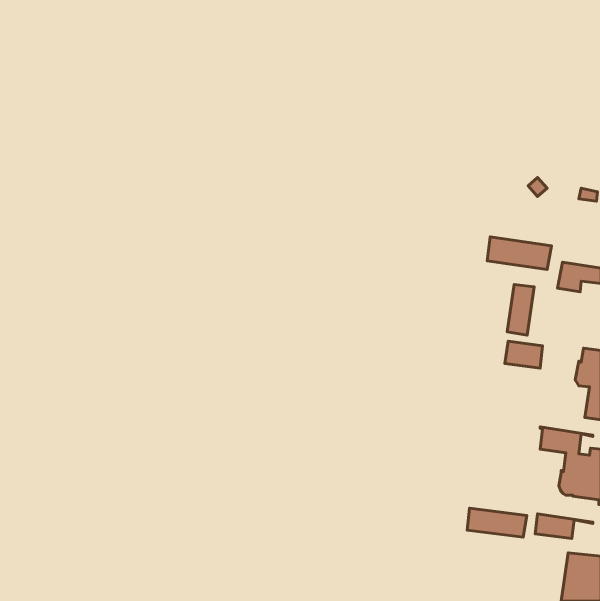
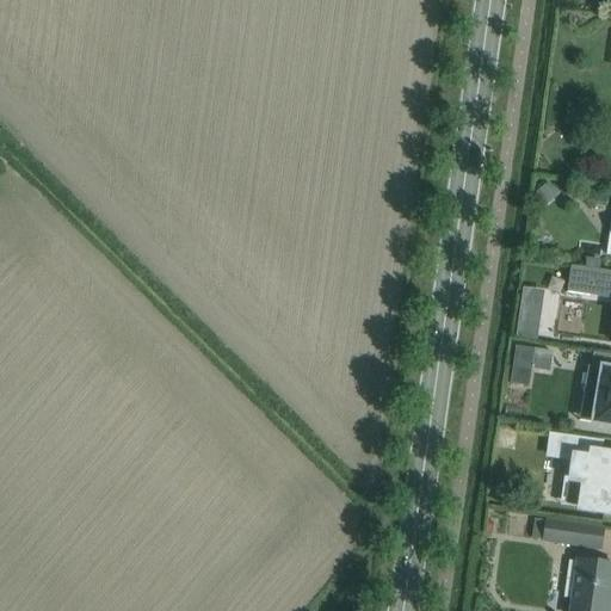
building: [487,237,551,269] -> none
building: [467,508,527,537] -> none

